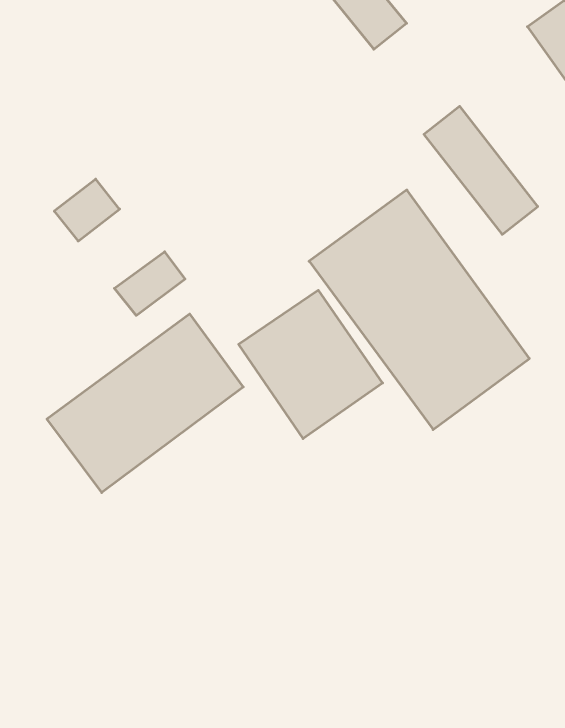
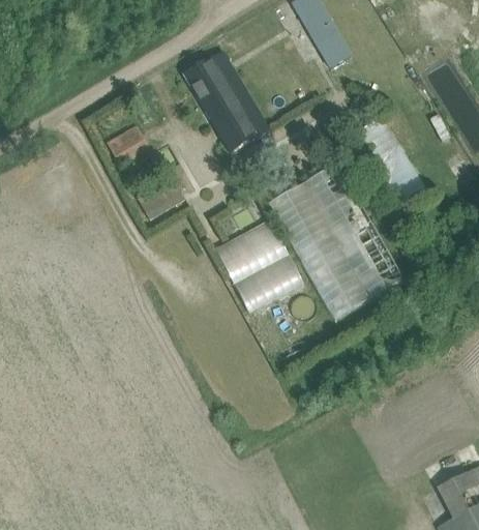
building: none -> [184,59,270,153]
building: [47,314,243,493] -> none

